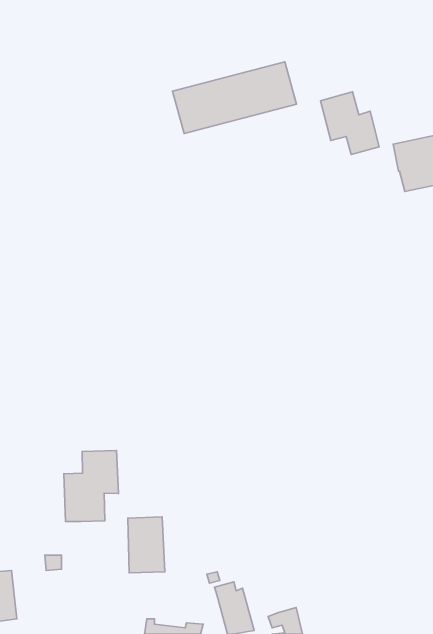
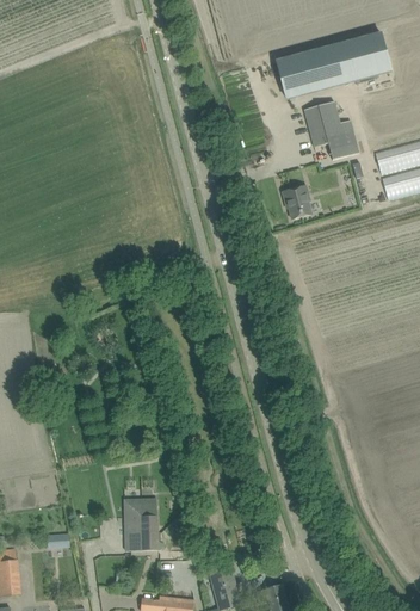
building: [173,62,296,133] -> [276,32,391,99]
building: none -> [284,185,313,218]
building: [64,451,119,522] -> none

